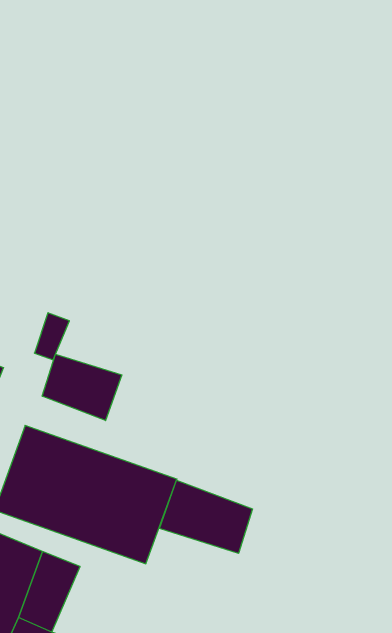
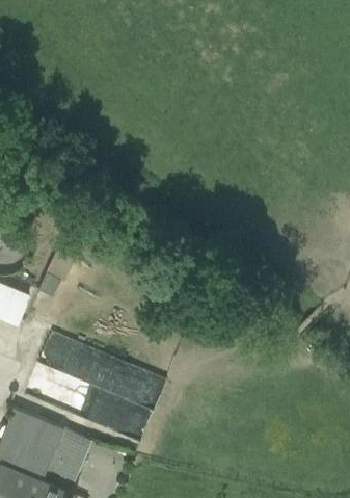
building: [42,354,122,421] -> none
building: [159,480,252,553] -> none

